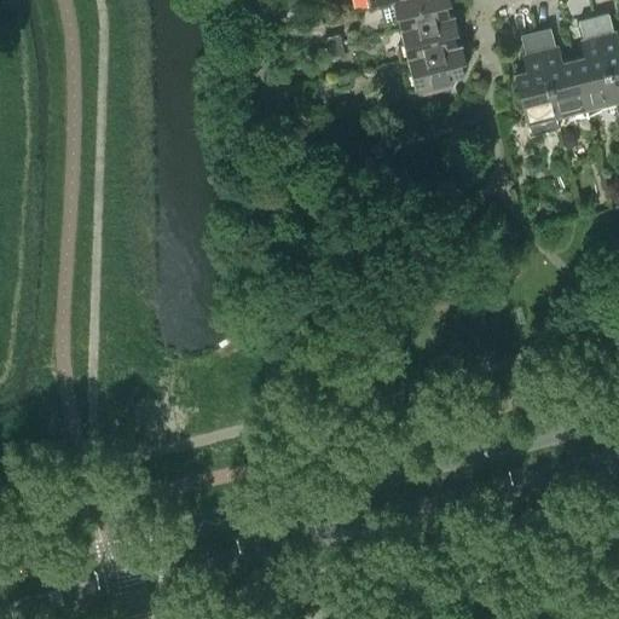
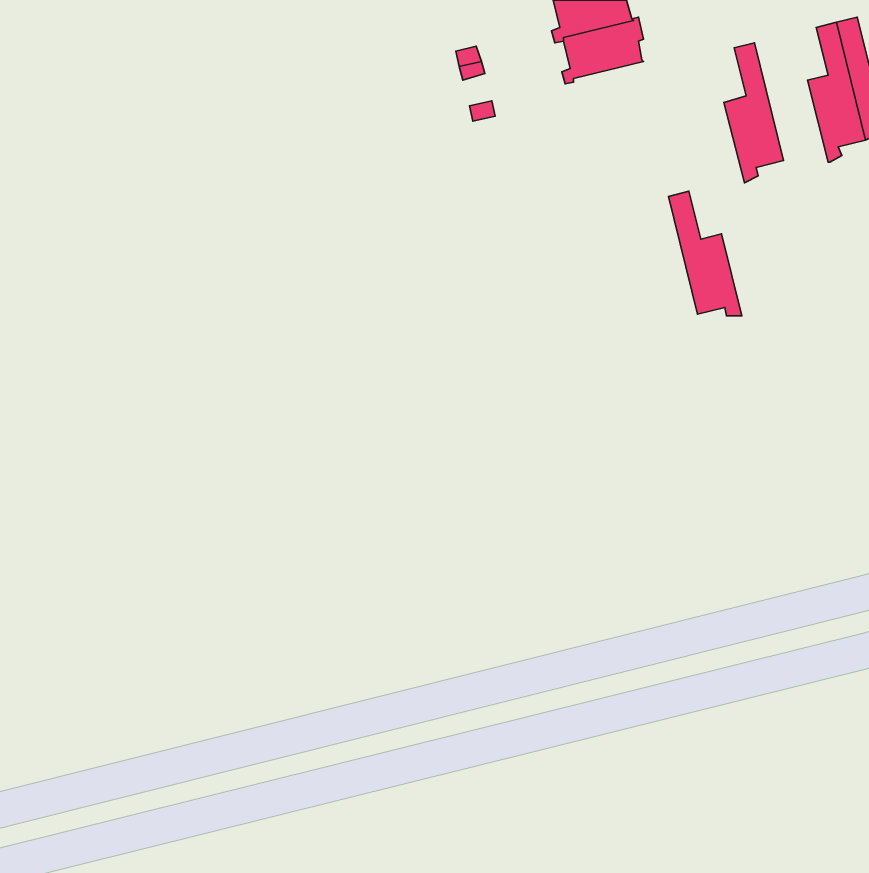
building: [537,27,589,115] -> [668,191,742,316]
building: [406,42,465,96] -> none

